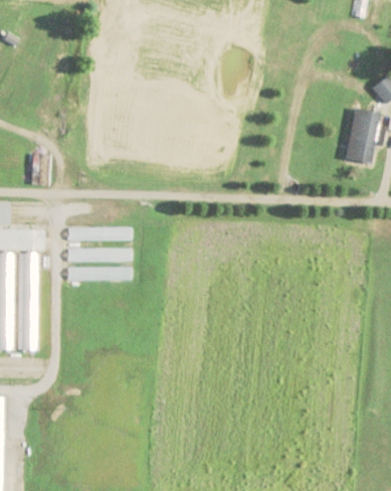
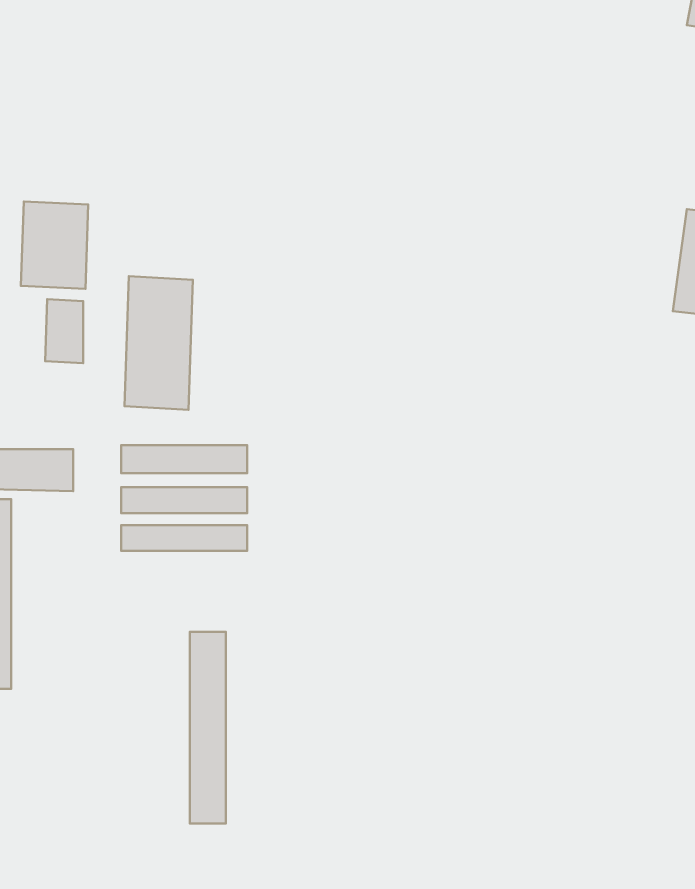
building: none -> [21,201,88,289]
building: none -> [124,276,193,410]
building: [18,254,36,350] -> [190,632,226,824]

